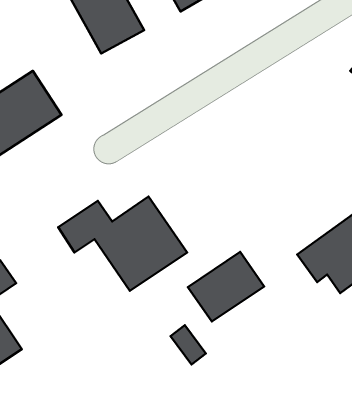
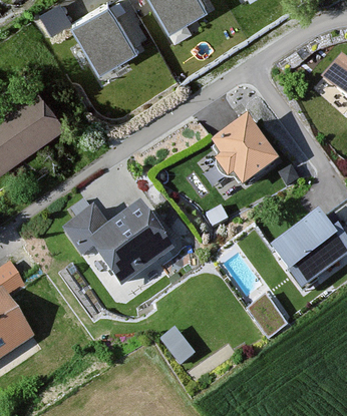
building: none -> [216,122,282,189]
building: [188,252,264,322] -> none

